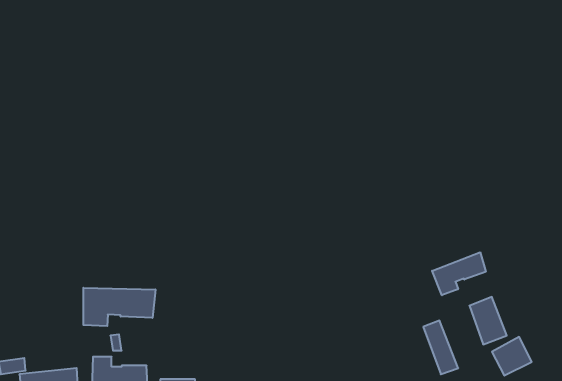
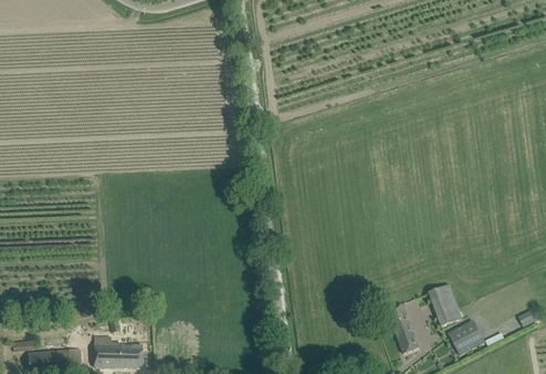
building: [432,252,486,295] -> none
building: [83,288,155,326] -> none

